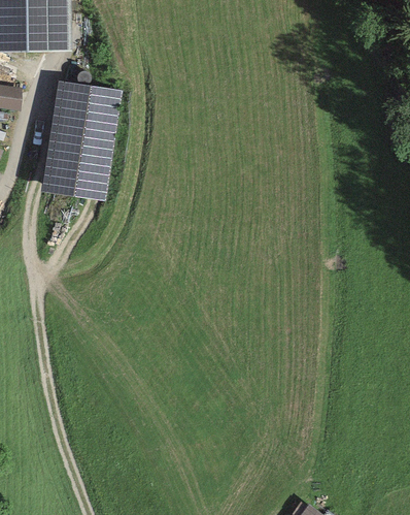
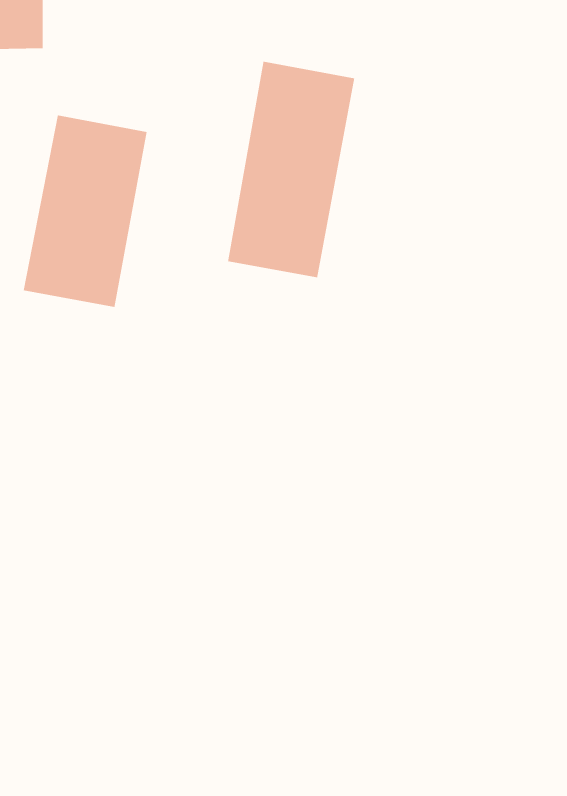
building: none -> [227,61,355,278]

